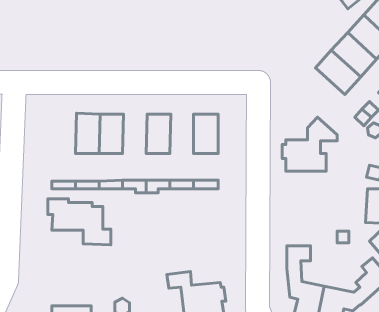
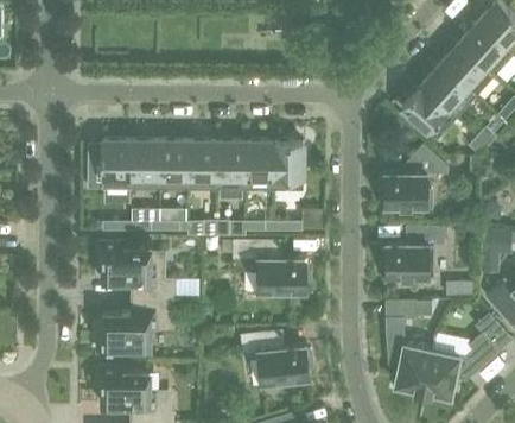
building: none -> [400,86,454,139]
building: none -> [101,140,131,189]
building: none -> [186,141,216,189]
building: none -> [243,141,272,189]
building: none -> [380,227,443,282]
building: none -> [233,241,309,296]
building: none -> [96,298,172,353]

